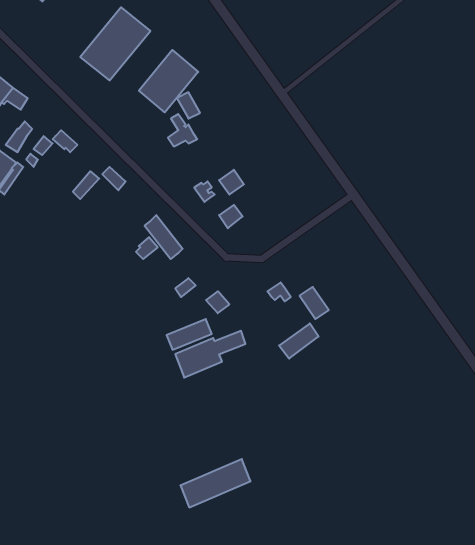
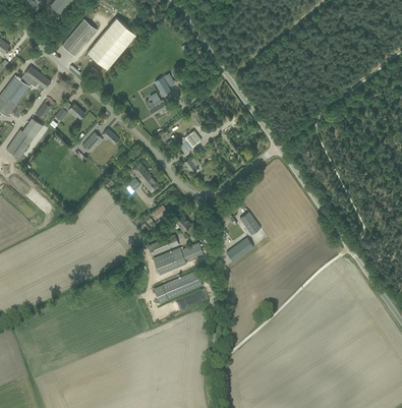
building: none -> [62,18,97,56]
building: [139,50,198,112] -> none
building: [180,459,251,507] -> [154,270,203,303]

